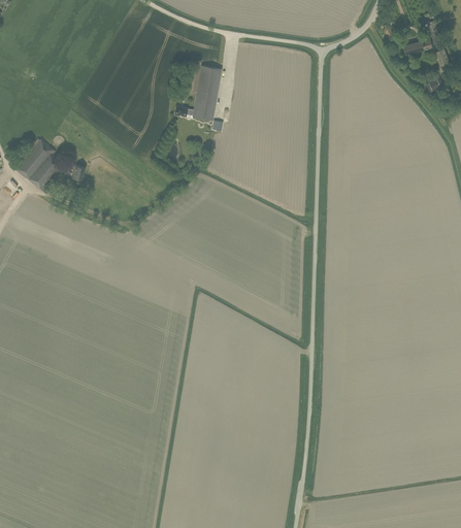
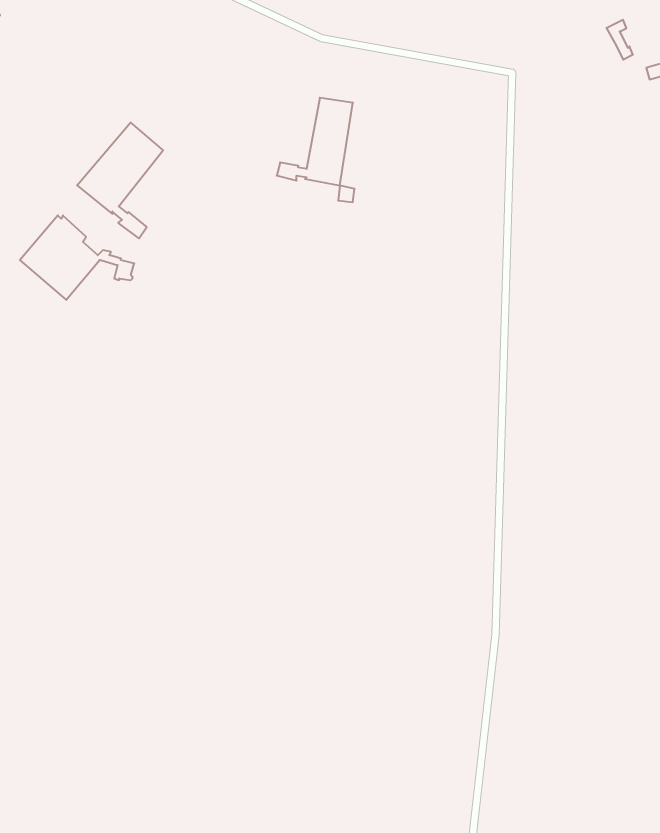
building: none -> [77,122,163,238]

